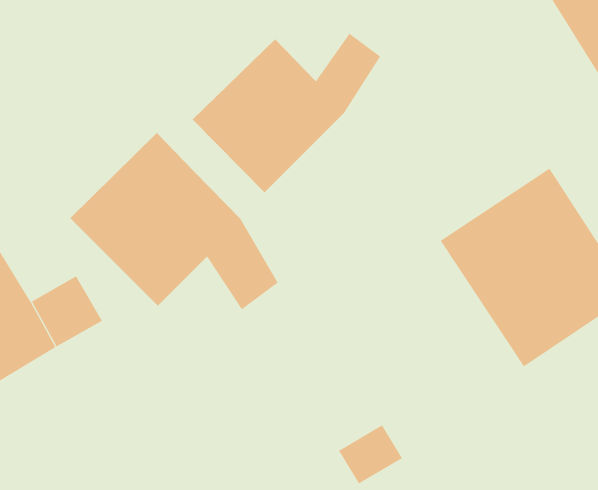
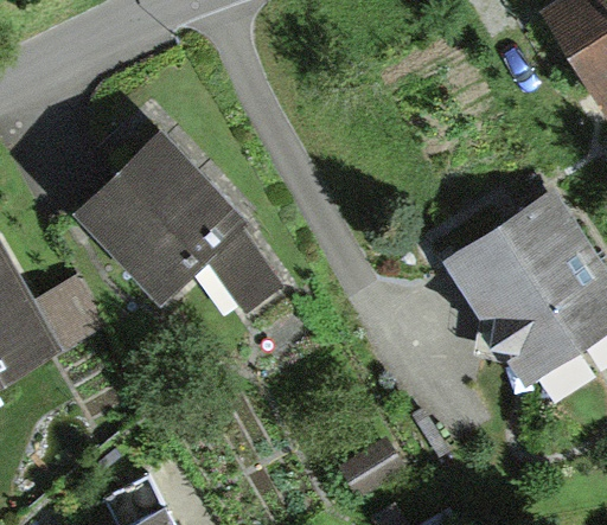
building: [192,33,381,193] -> none

